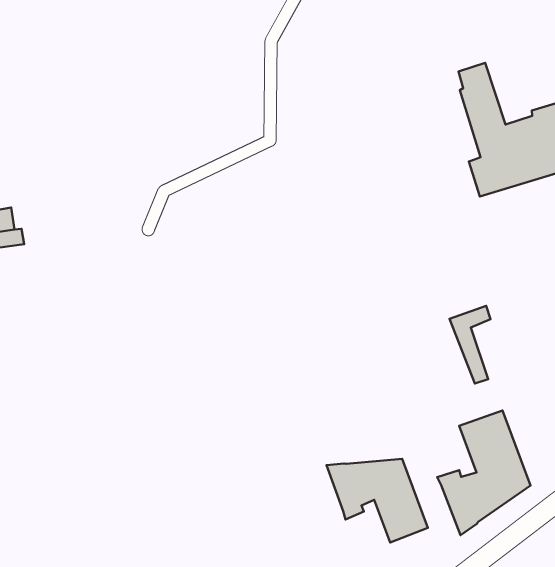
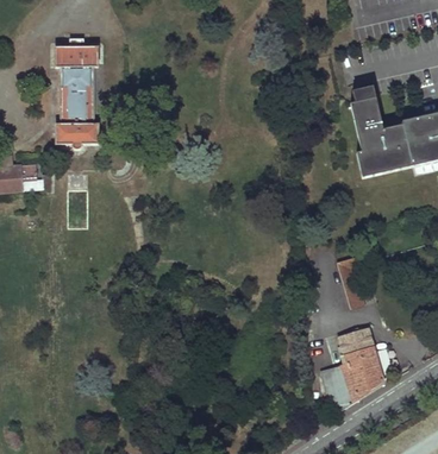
building: none -> [52,45,98,149]
building: [327,459,428,543] -> none

